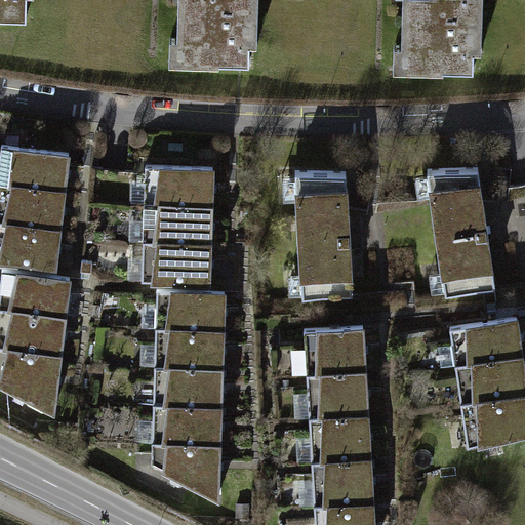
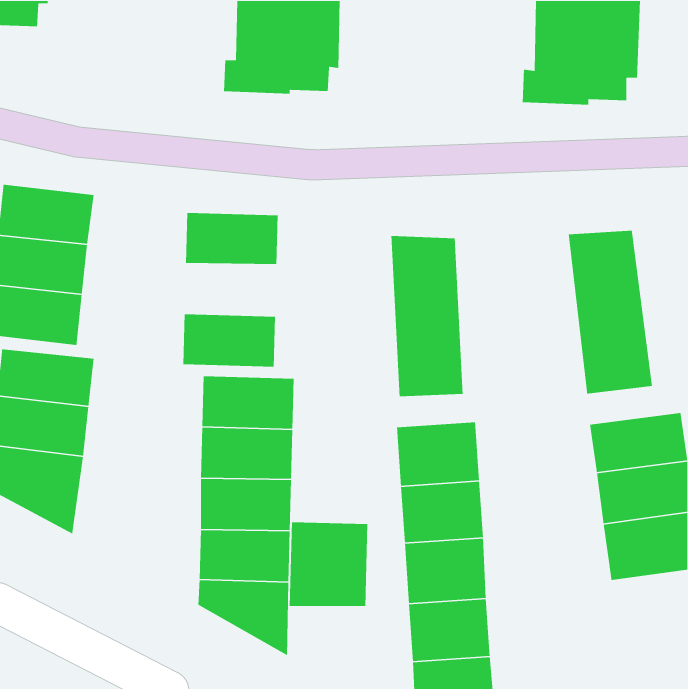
building: [139,201,210,241] -> none
building: none -> [289,521,368,607]

